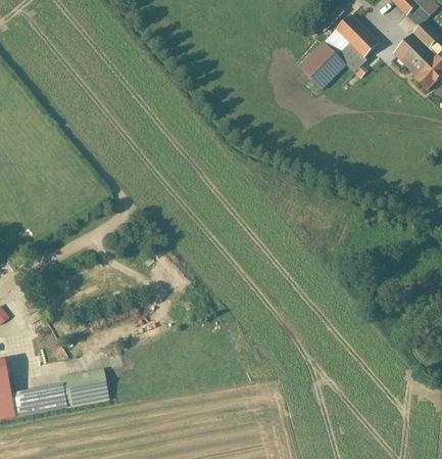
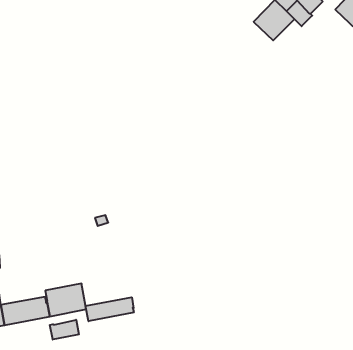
building: none -> [85,297,134,321]
building: none -> [50,320,79,340]

